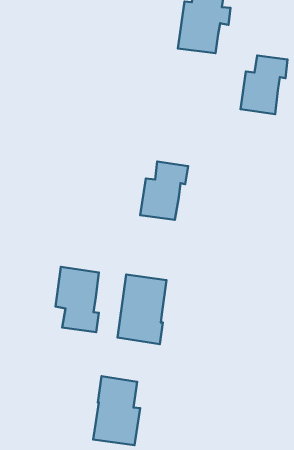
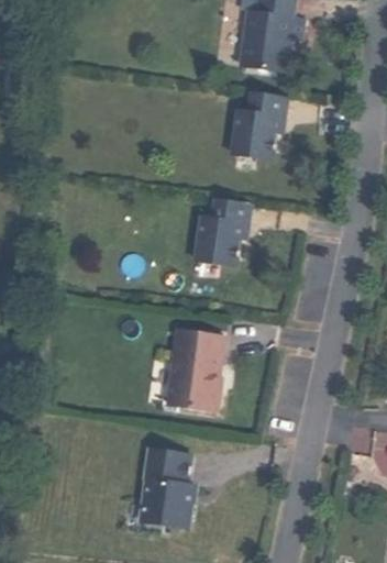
building: [240,56,287,114] -> [230,92,285,161]
building: [55,267,99,332] -> none

